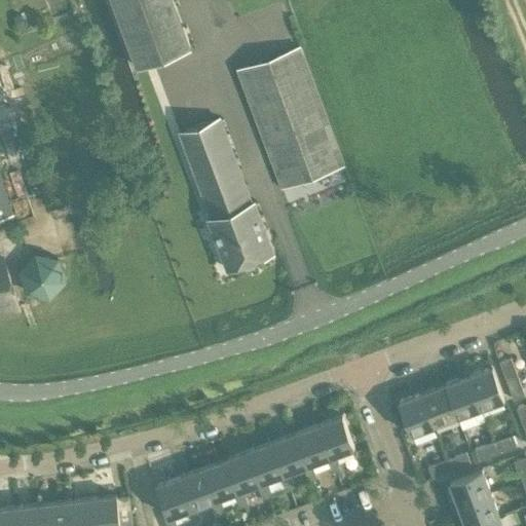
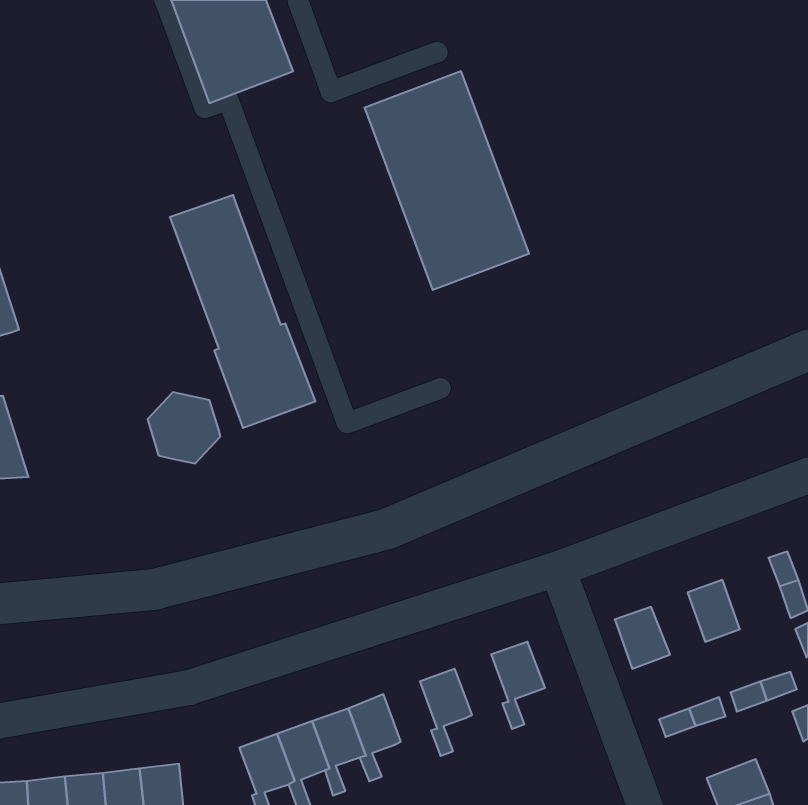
building: [179,121,273,272] -> [170,195,316,428]
building: [17,255,65,301] -> [148,392,220,463]
building: [468,371,504,411] -> none
building: [422,387,457,427] -> none
building: [295,427,330,485] -> none
building: [249,445,284,501] -> none
building: [450,472,490,508] -> none

